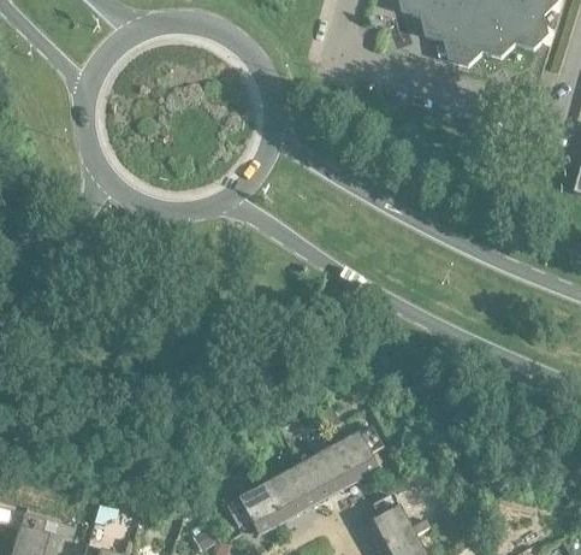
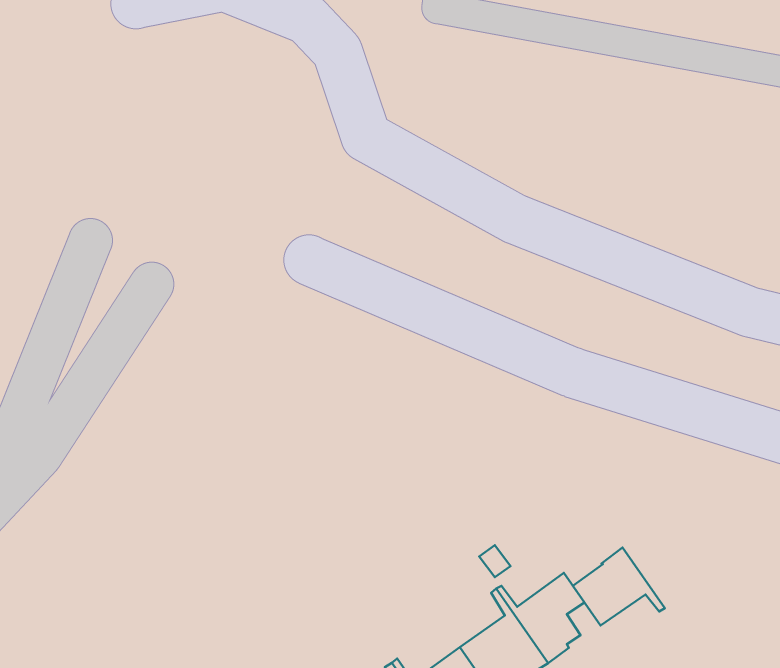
building: none -> [573,547,665,626]

